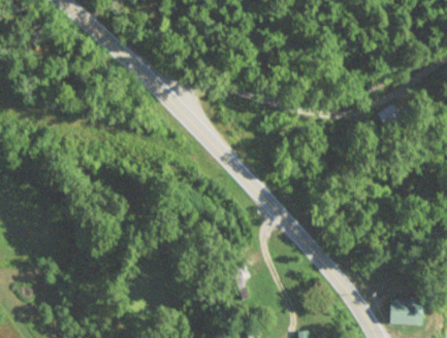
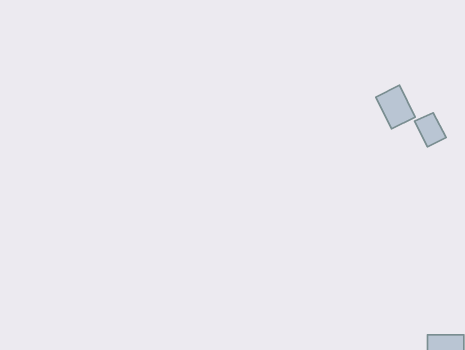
building: none -> [376,85,415,129]

